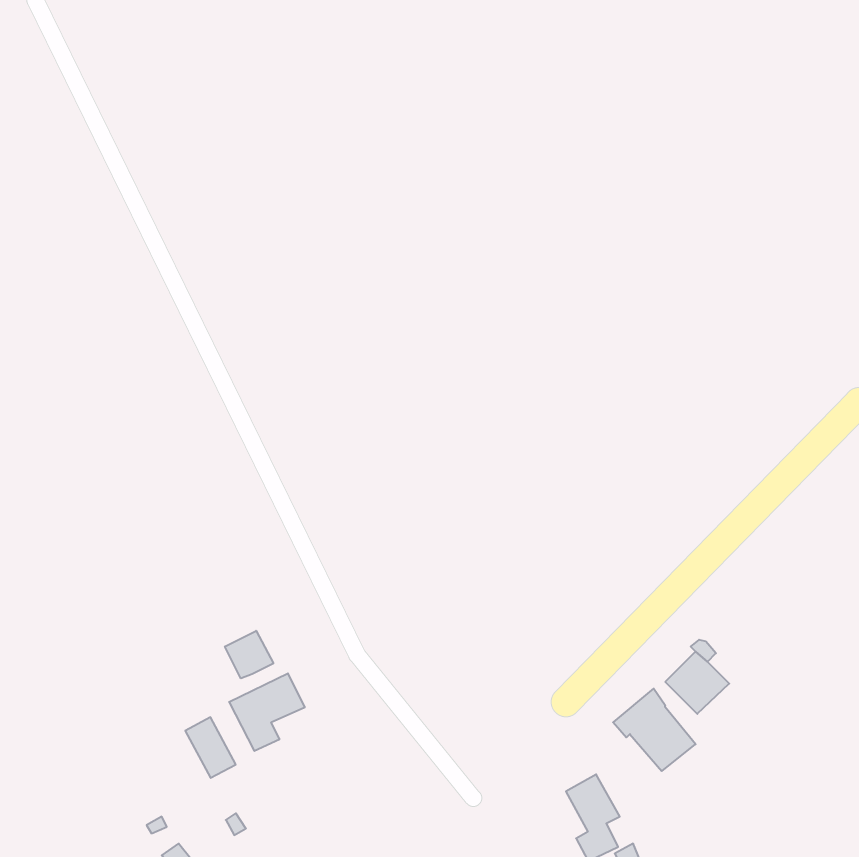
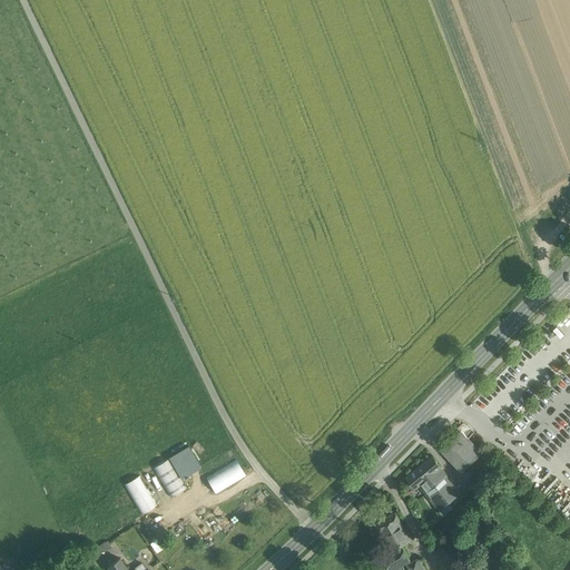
building: [225,631,273,678] -> none
building: none -> [206,460,246,494]

